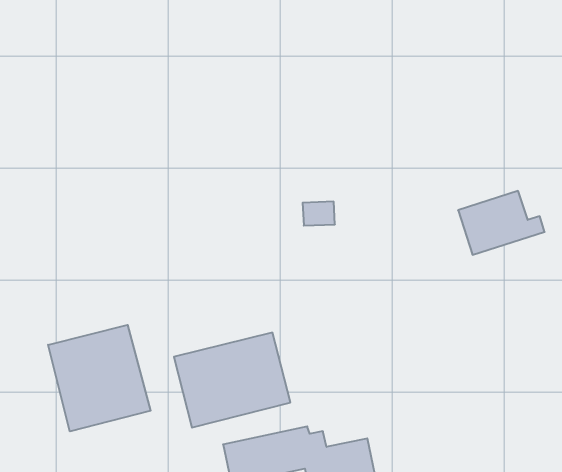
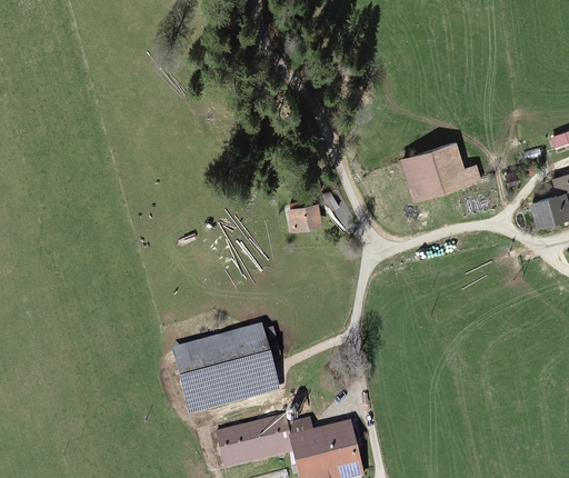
building: [458,191,545,255] -> [402,139,482,198]
building: [48,325,151,431] -> none

